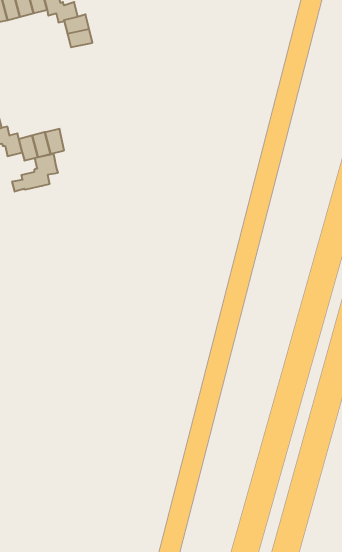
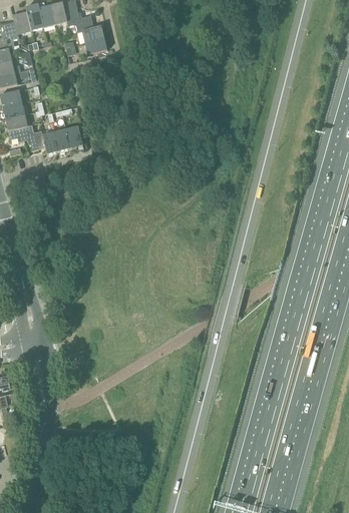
building: [12,154,58,192] -> none

